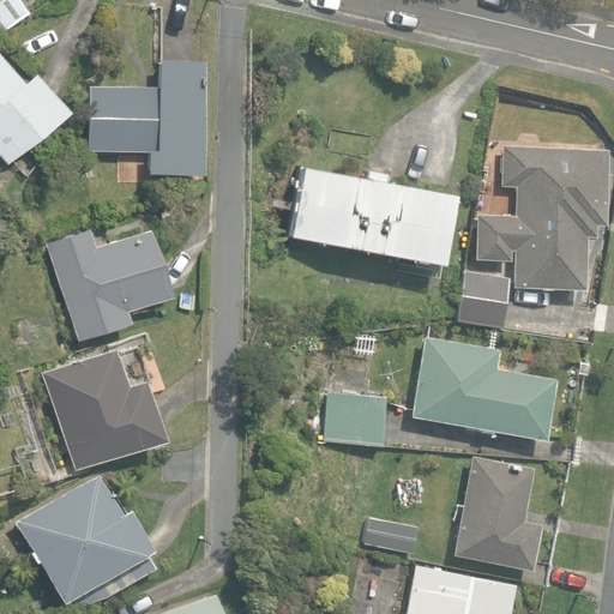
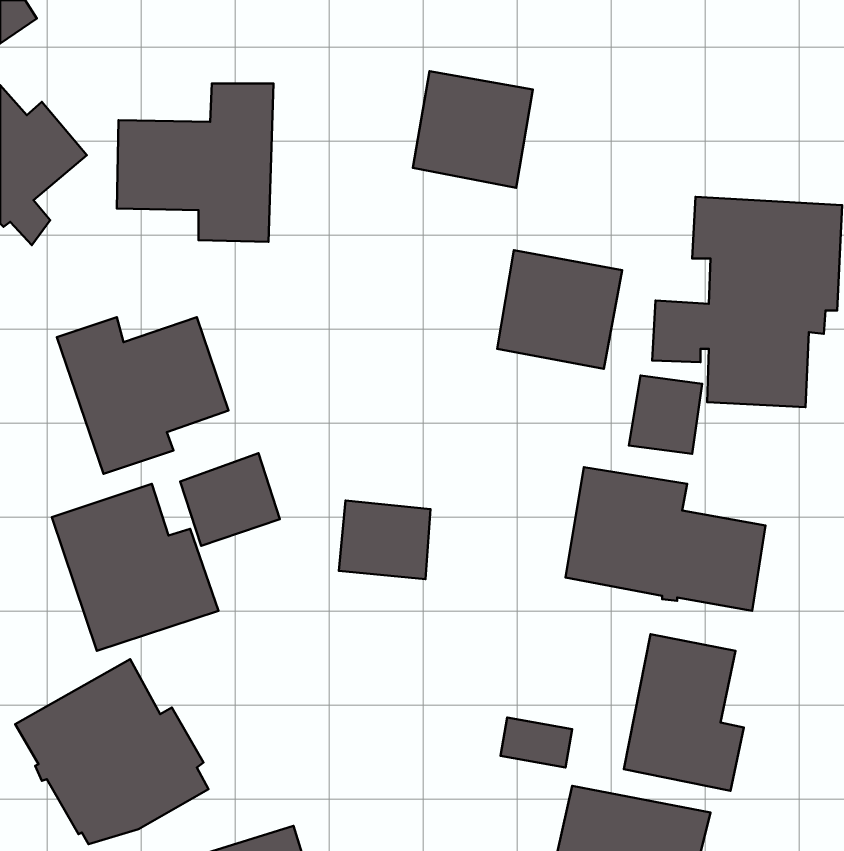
building: [289,168,375,252] -> [413,71,533,188]
building: none -> [180,453,280,546]
building: [323,391,389,447] -> [339,501,430,579]

